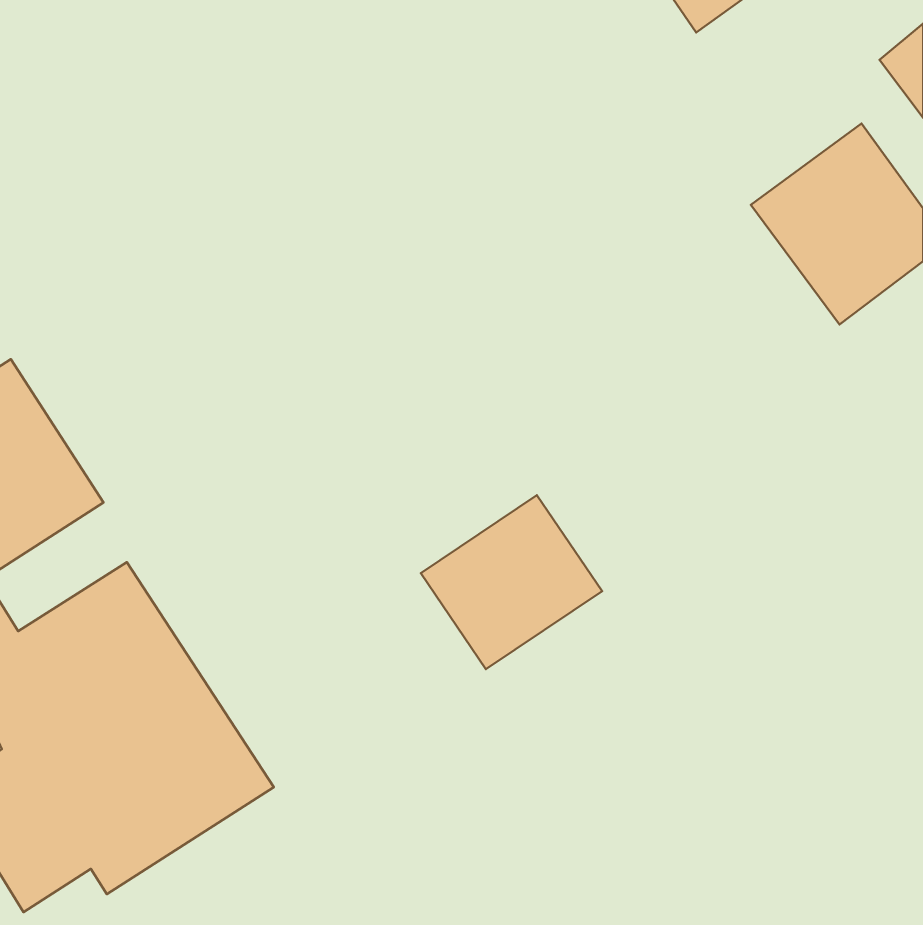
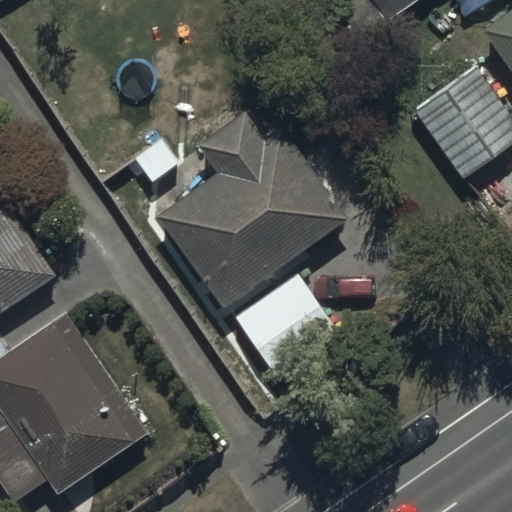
building: none -> [155,111,347,307]

